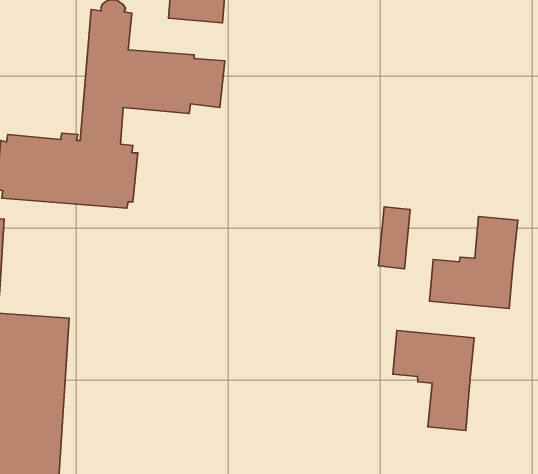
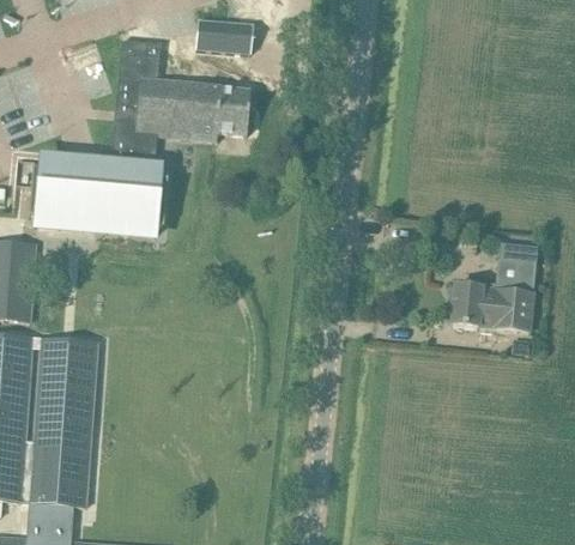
building: [379,207,410,269] -> none
building: [393,331,474,430] -> none

